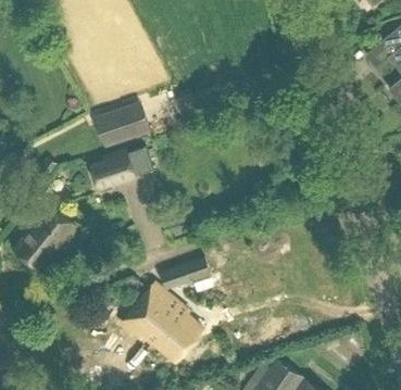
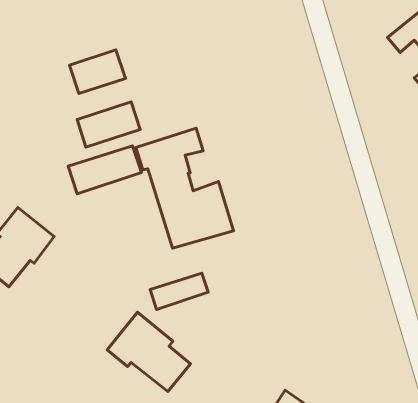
building: none -> [69,50,125,94]
building: none -> [136,128,234,248]

